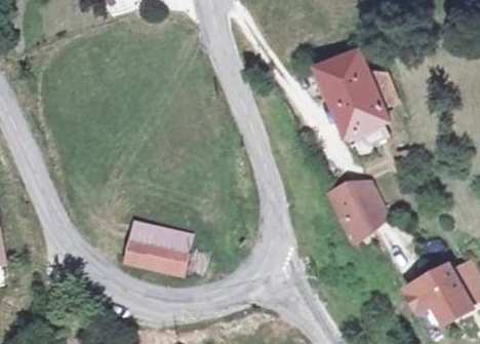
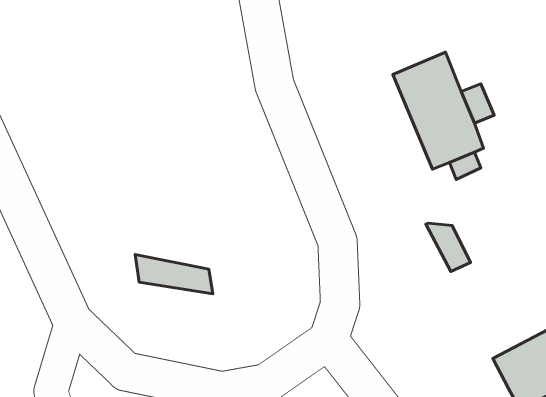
building: [327,187,367,244] -> none
building: [121,232,182,263] -> none

